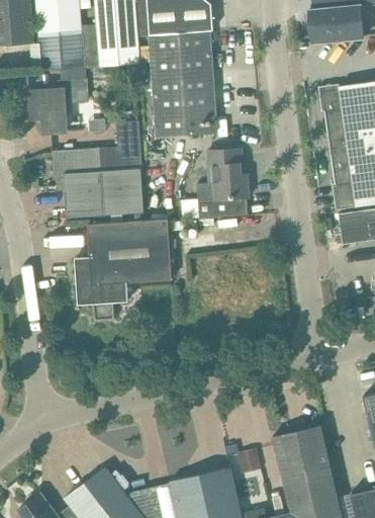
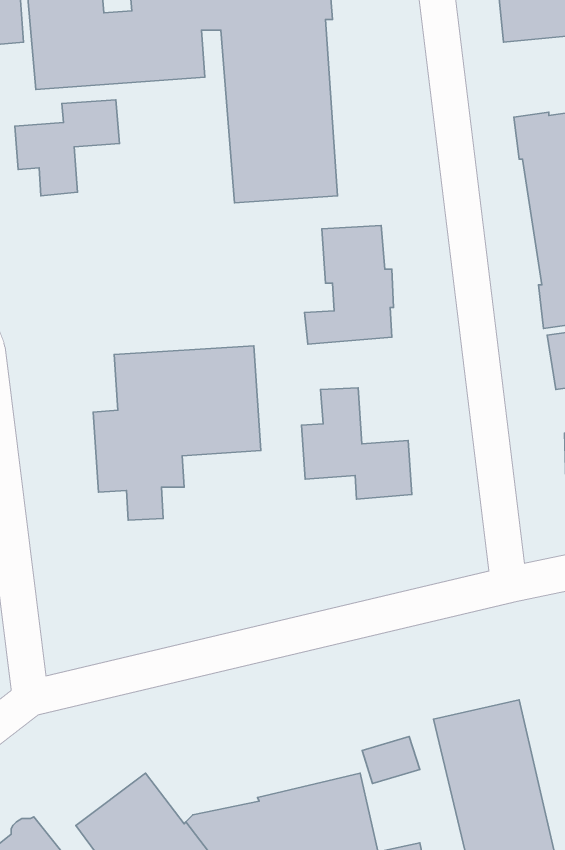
building: [52,121,144,218] -> none
building: none -> [302,388,412,499]

